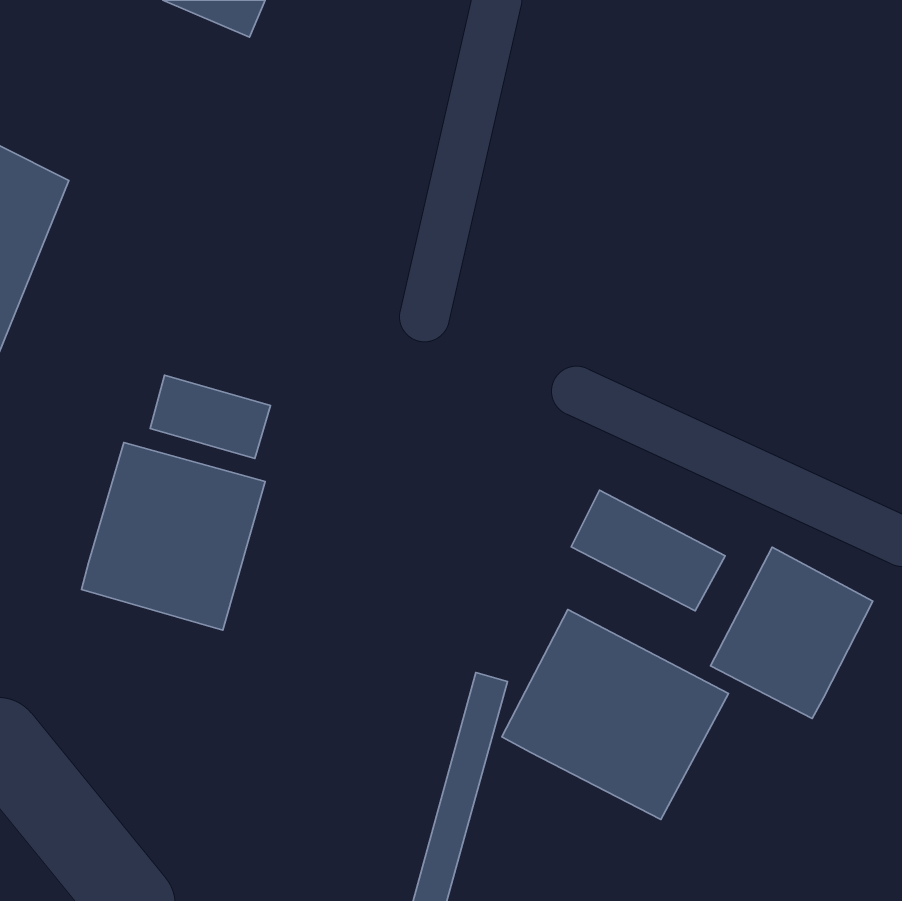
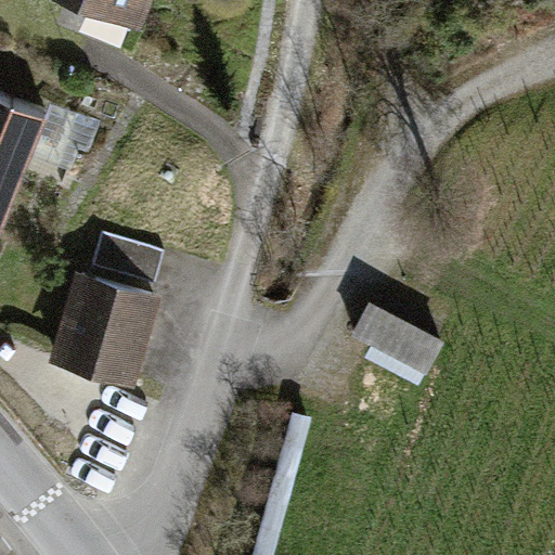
building: [710,547,873,719] -> none
building: [502,610,728,819] -> none

